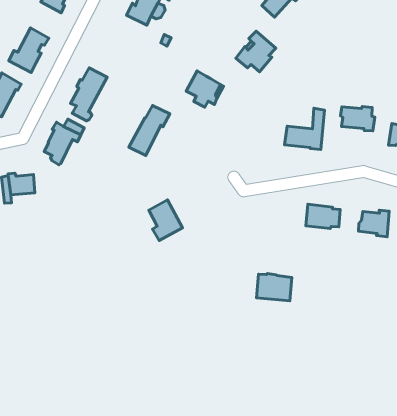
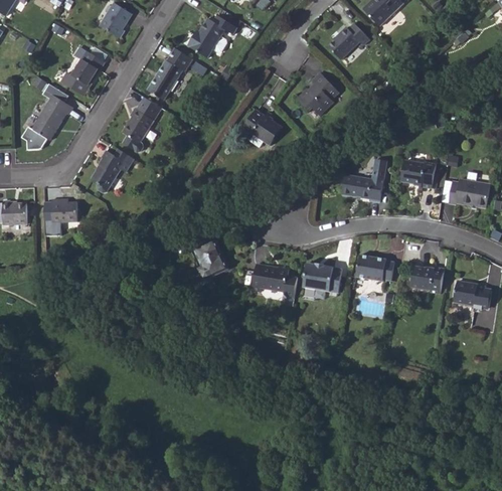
building: [129,105,170,156] -> [147,48,192,100]
building: none -> [250,264,288,291]
building: [257,273,292,301] -> [303,263,341,293]

